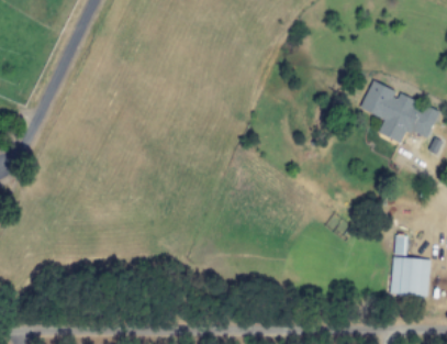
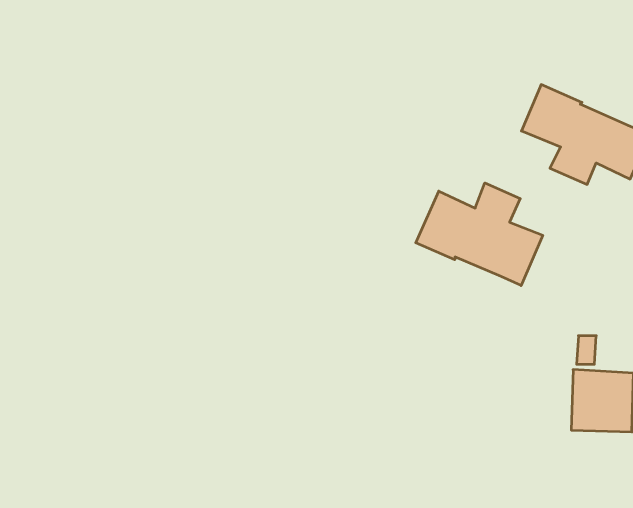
building: none -> [416,183,543,286]

